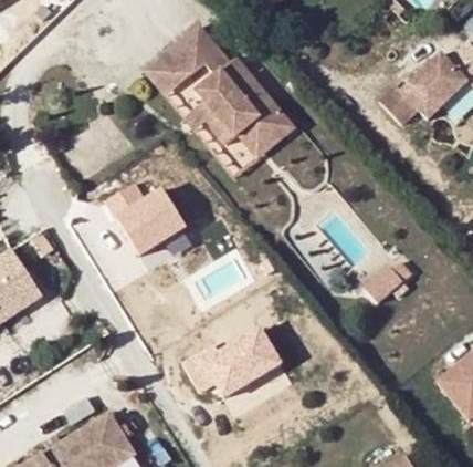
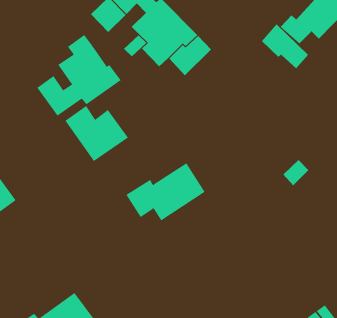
building: none -> [36,34,122,116]
building: none -> [261,24,309,69]
building: [182,326,282,397] -> [125,163,206,221]

